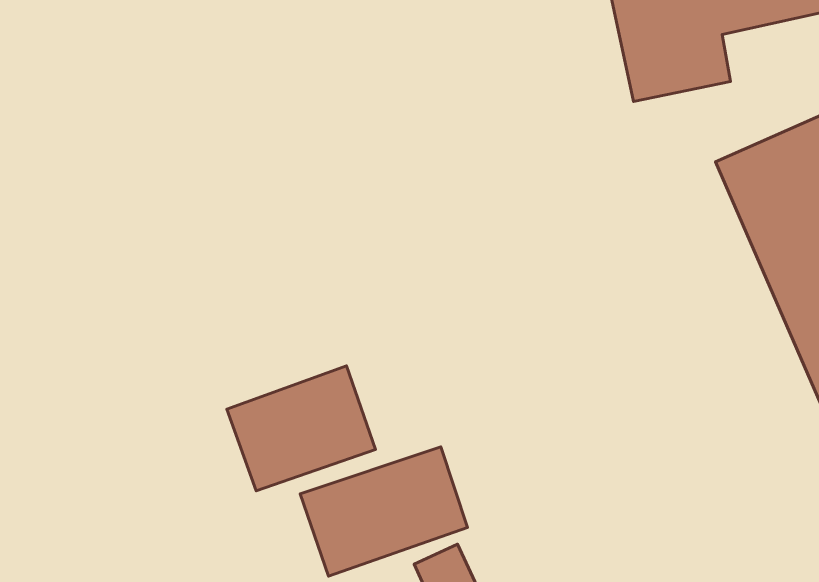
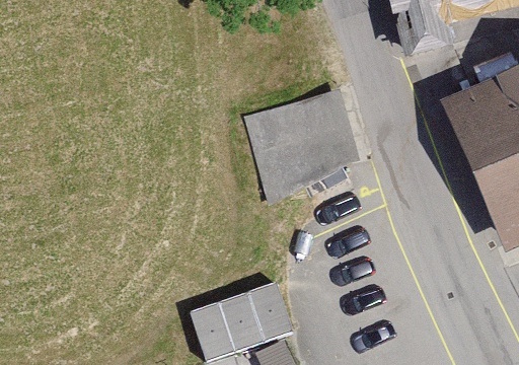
building: none -> [245,92,356,194]
building: [227,366,376,491] -> none

